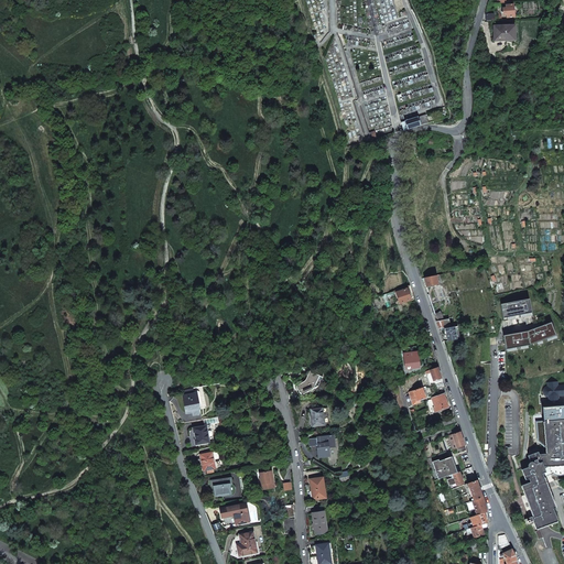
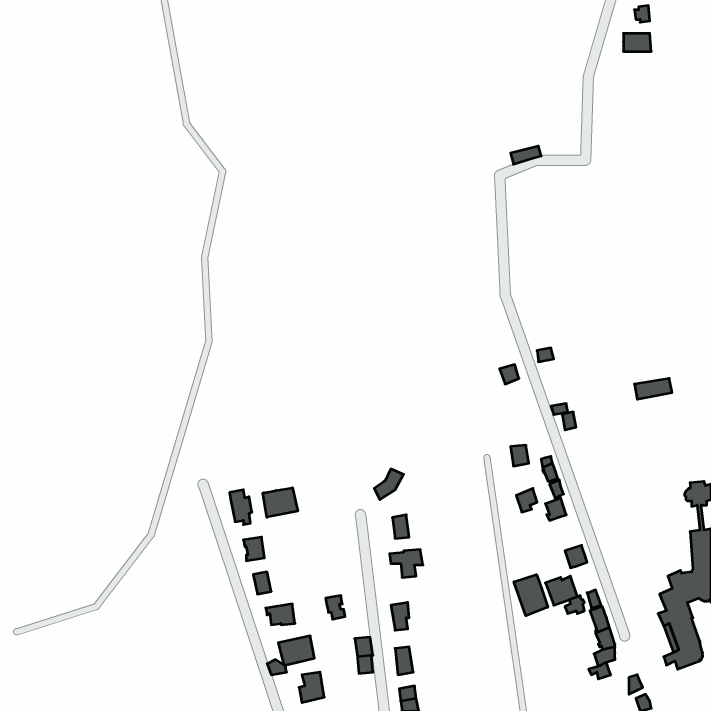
building: [503,323,555,348] -> none
building: none -> [263,488,298,517]
building: none -> [514,575,548,616]

